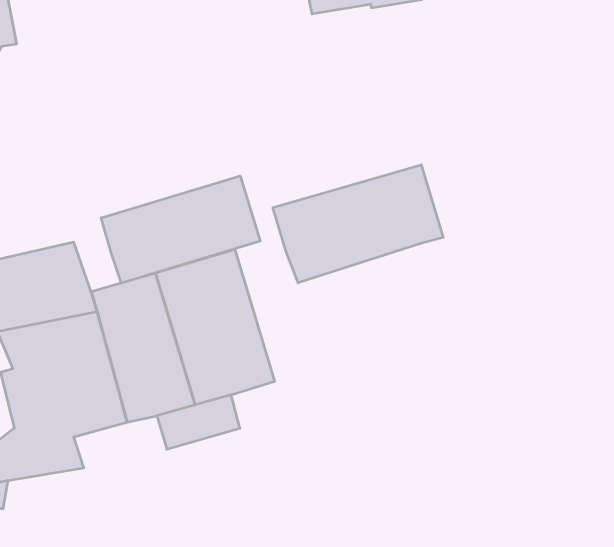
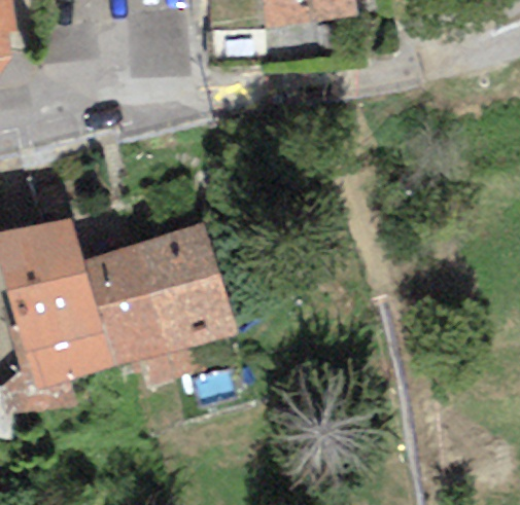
building: [273,165,443,283] -> none
building: [101,176,260,283] -> none

